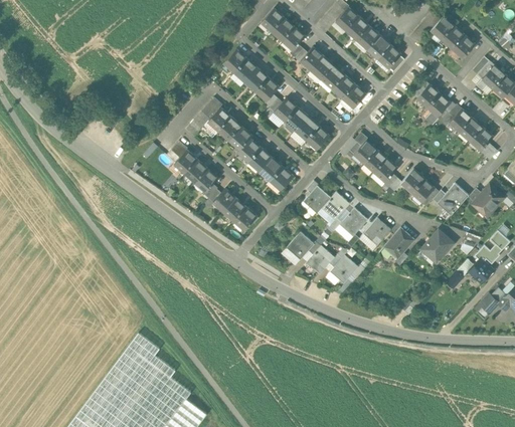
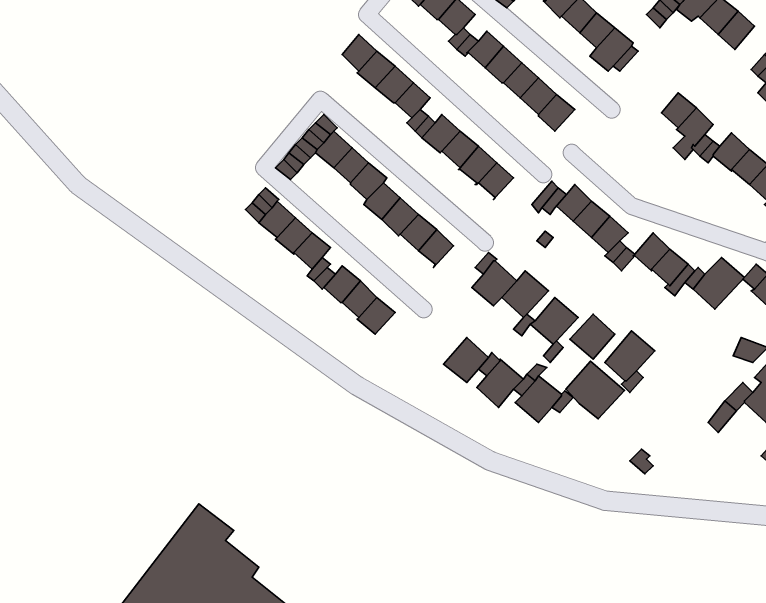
building: [421,232,453,263] -> none
building: none -> [566,361,625,419]

